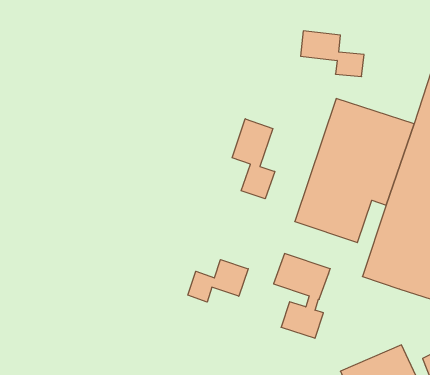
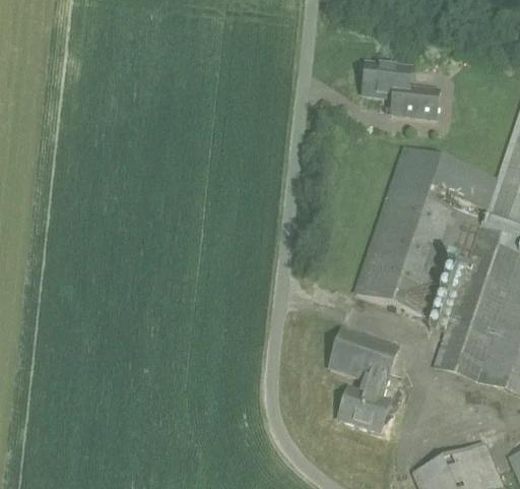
building: [232,119,275,199] -> none
building: [188,260,248,302] -> none

